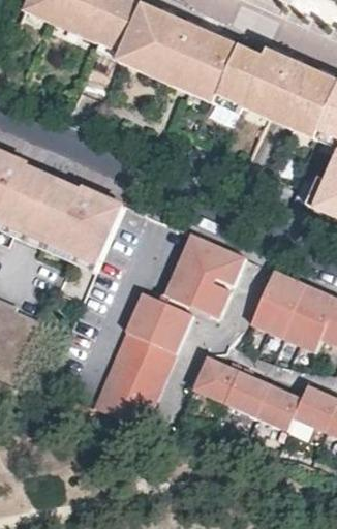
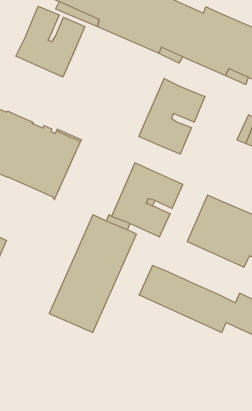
building: none -> [16,6,85,77]
building: none -> [139,78,205,154]

